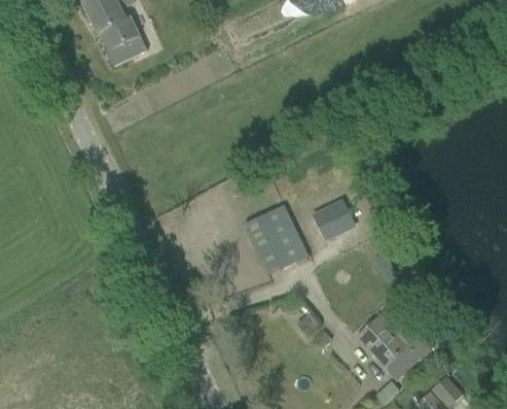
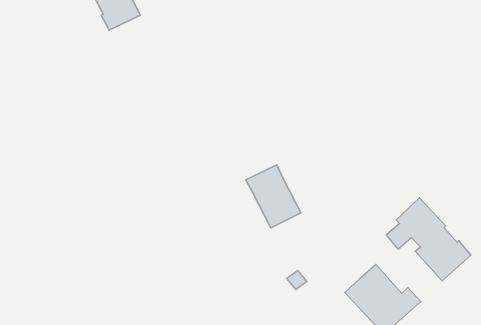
building: [313,199,354,237] -> none
building: none -> [386,198,471,281]

